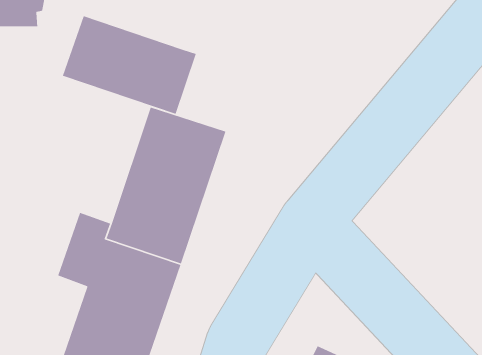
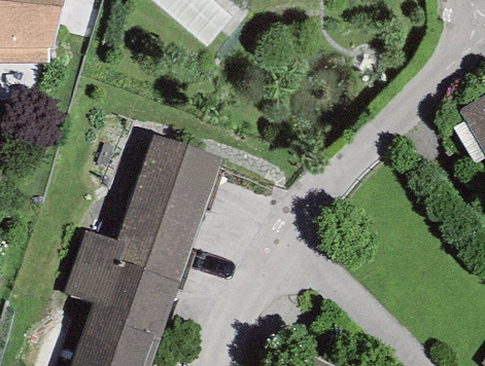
building: [62,15,197,115] -> none

